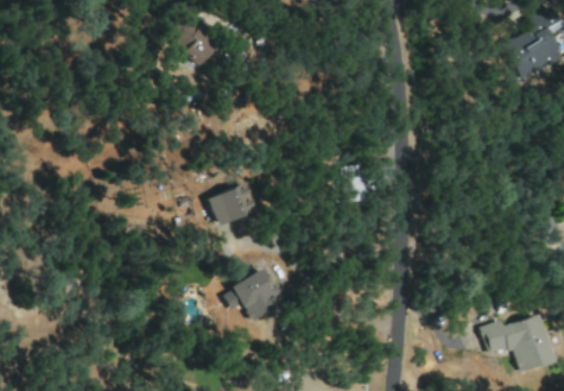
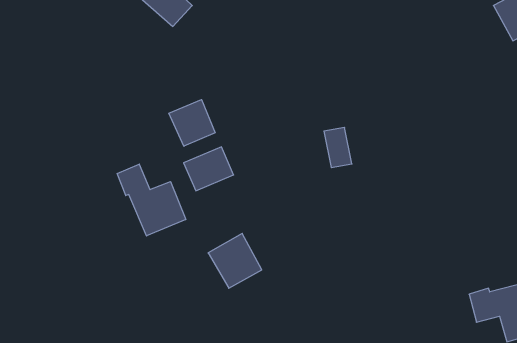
building: none -> [169,100,215,146]
building: none -> [117,164,186,236]

